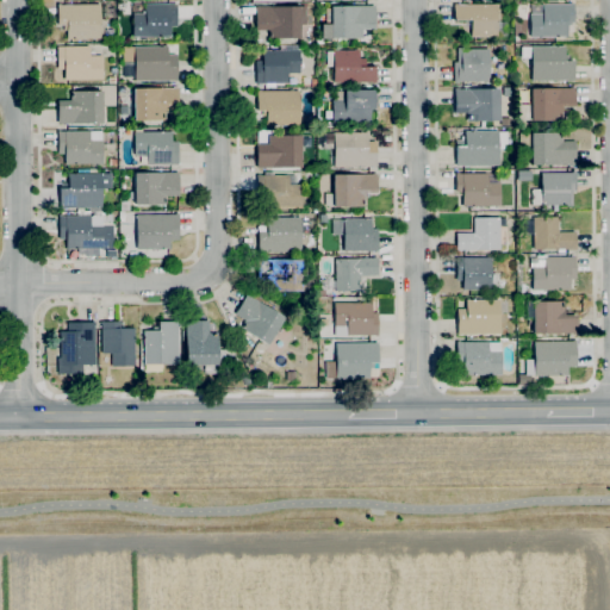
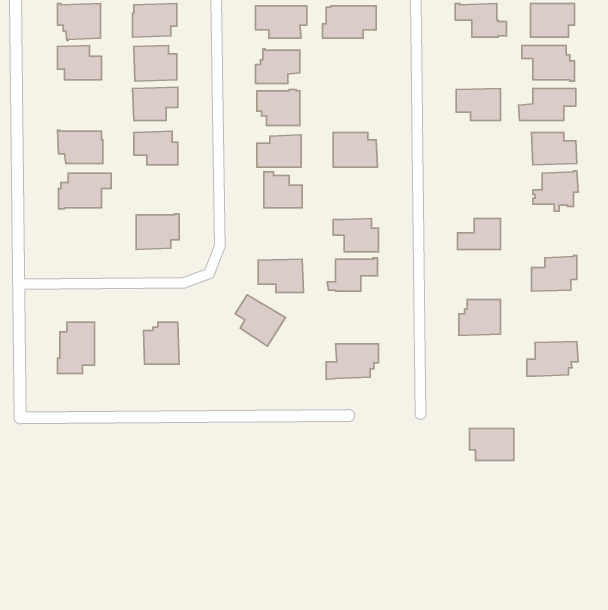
building: [455,48,491,83] -> none
building: [328,49,378,83] -> none
building: [334,88,378,124] -> none
building: [60,91,104,124] -> none
building: [458,131,500,166] -> none
building: [136,173,180,205] -> none
building: [326,173,379,206] -> none
building: [458,173,502,206] -> none
building: [61,214,116,249] -> none
building: [527,216,578,253] -> none
building: [259,217,303,253] -> none
building: [458,257,499,290] -> none
building: [535,300,579,334] -> none
building: [336,303,380,336] -> none
building: [186,319,219,365] -> none
building: [102,320,136,366] -> none
building: [459,342,503,374] -> [469,428,514,461]

